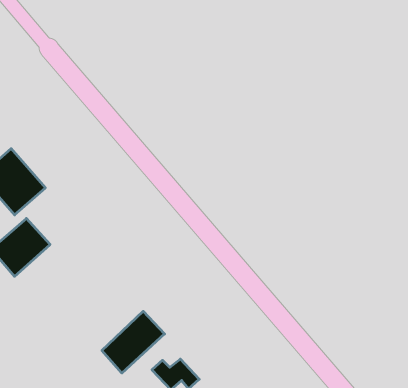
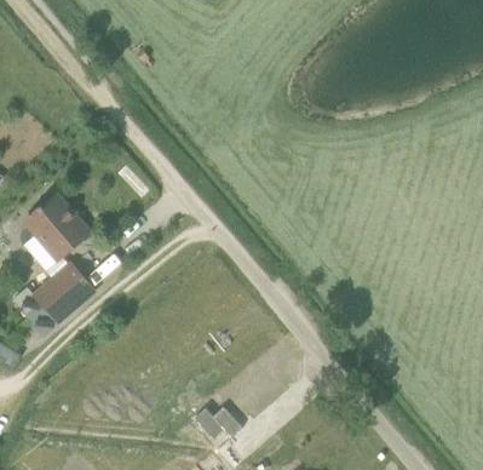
building: [102,311,165,373] -> none

